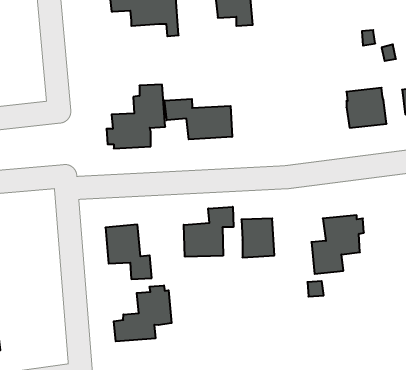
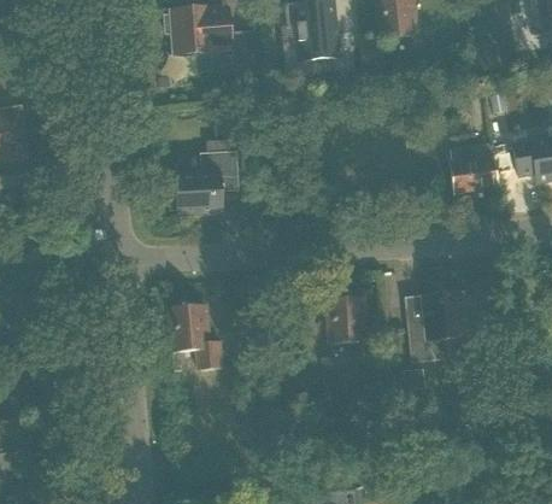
building: [165,99,232,139] -> none
building: [184,207,233,257] -> none
building: [114,285,172,341] -> none

